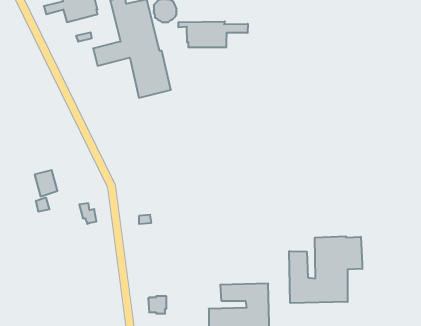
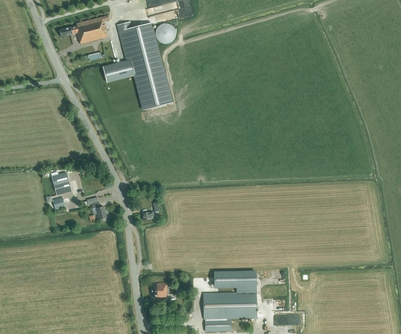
building: [179,21,248,47] -> none
building: [289,236,362,303] -> none

